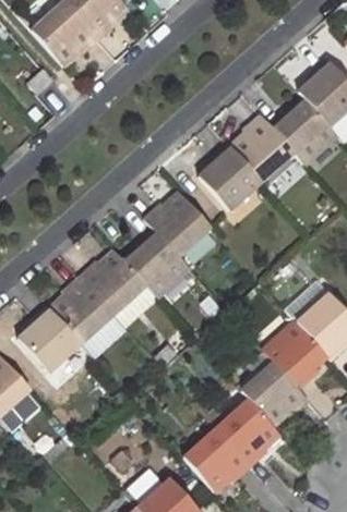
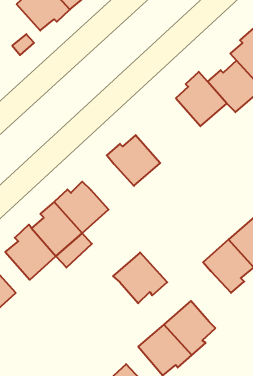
building: [200,144,262,210] -> none
building: [125,229,190,297] -> none
building: [241,362,309,425] -> [113,252,167,303]

